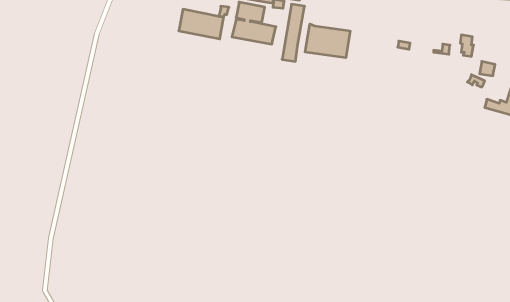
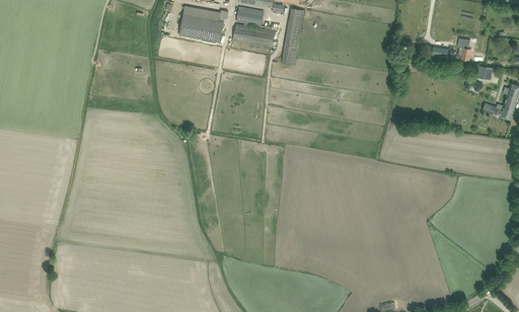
building: [305,24,350,58] -> none

